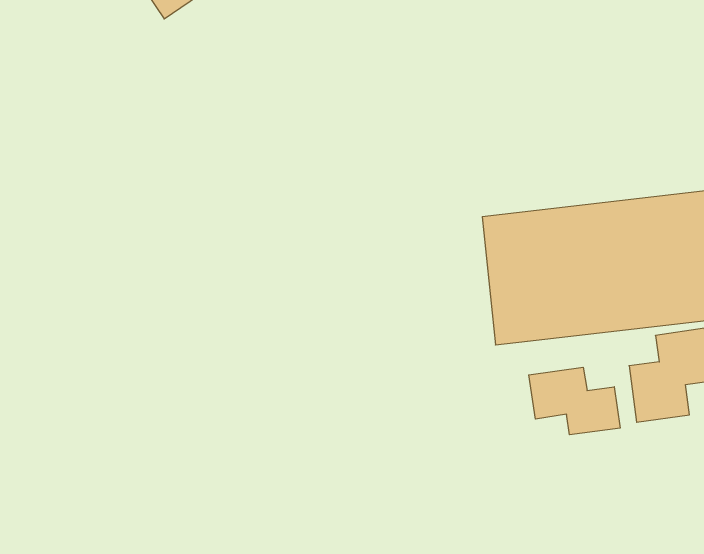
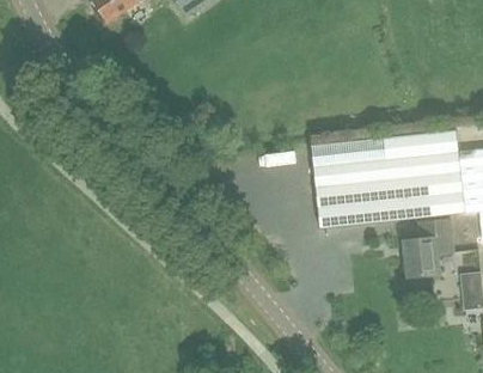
building: [529,367,620,435] -> none

